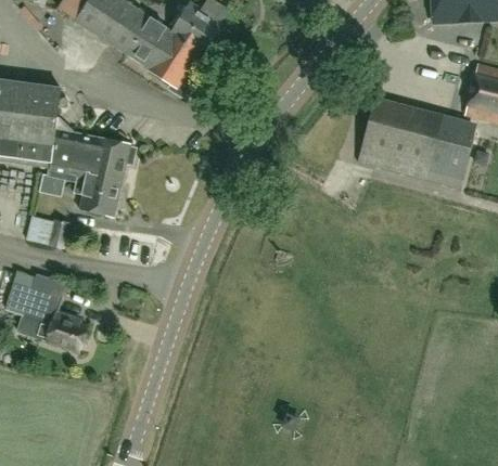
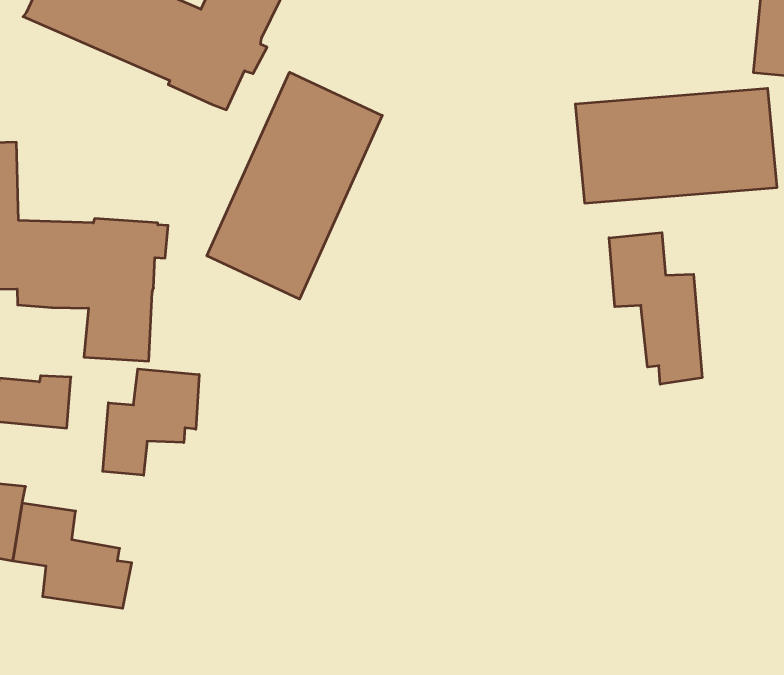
building: none -> [207,72,382,299]
building: none -> [609,233,702,384]
building: none -> [103,369,199,475]

